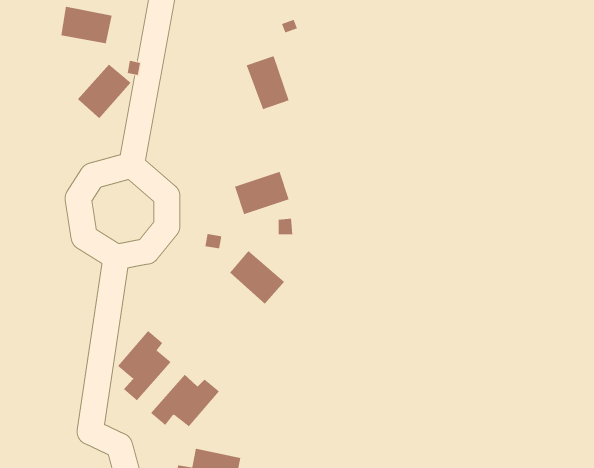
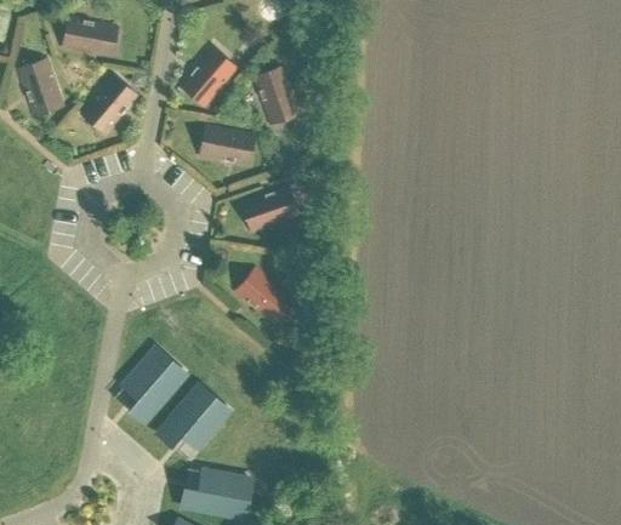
building: none -> [181,48,237,105]
building: none -> [18,58,63,114]
building: none -> [200,125,255,164]

